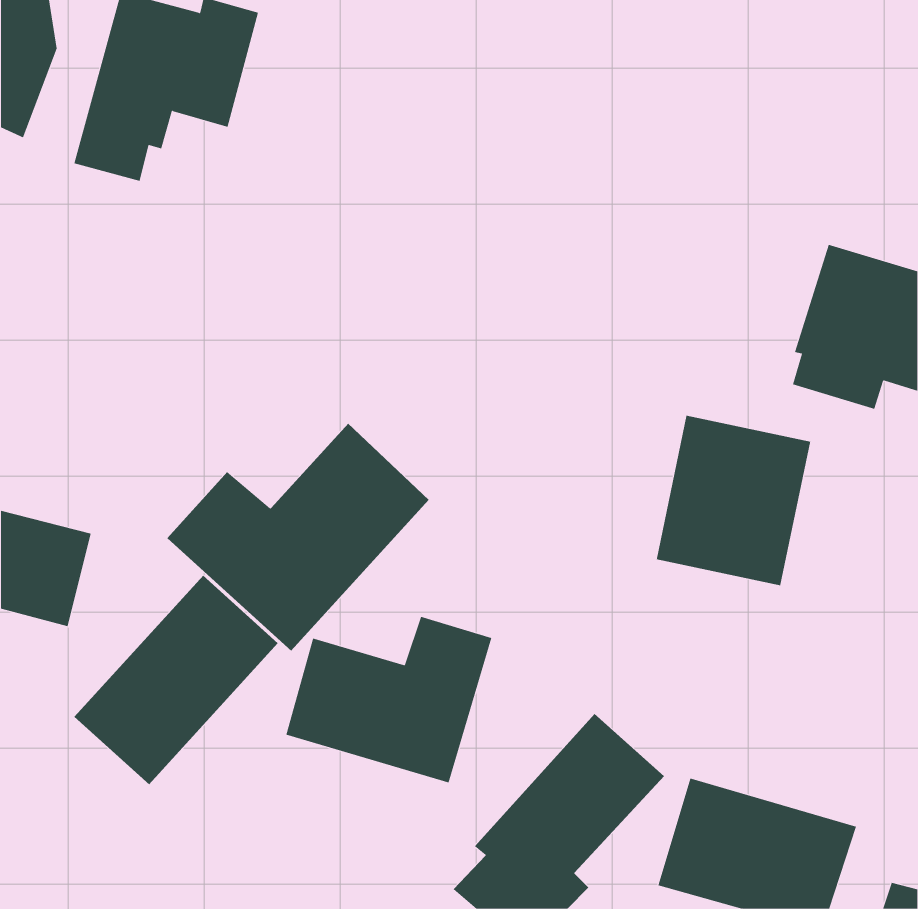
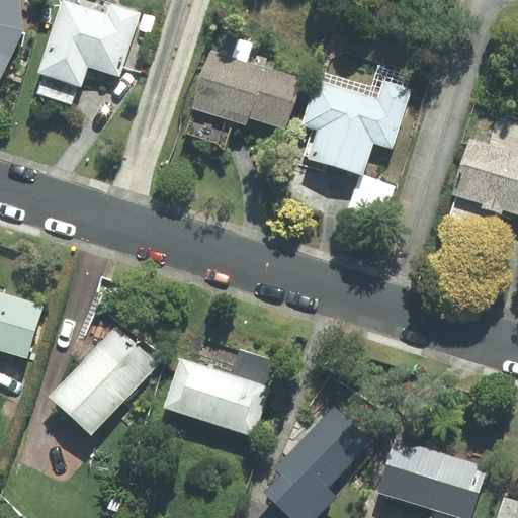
building: none -> [179,50,300,152]
building: none -> [300,56,417,224]
building: [656,415,811,586] -> none
building: [167,423,429,652] -> none

